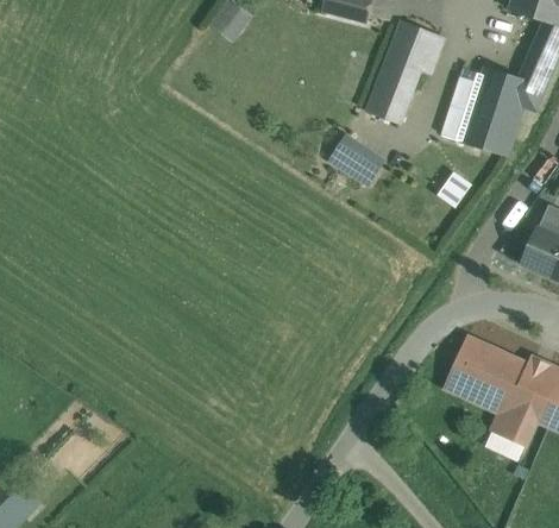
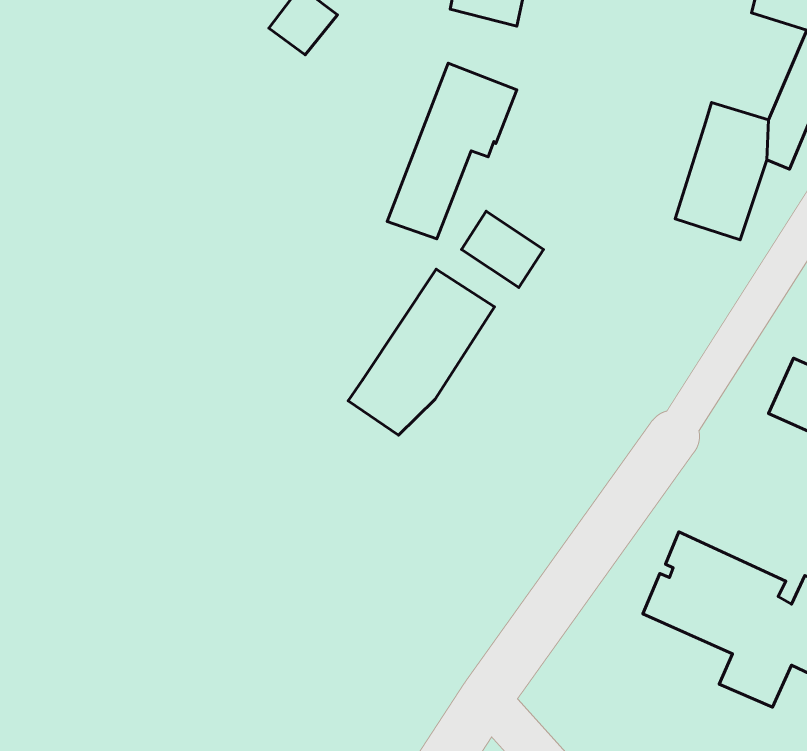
building: [368,12,448,121] -> [387,63,517,239]
building: [440,73,483,140] -> none
building: none -> [348,269,494,435]

